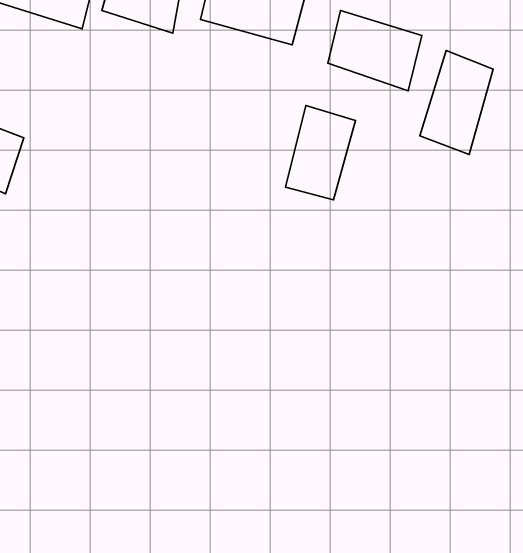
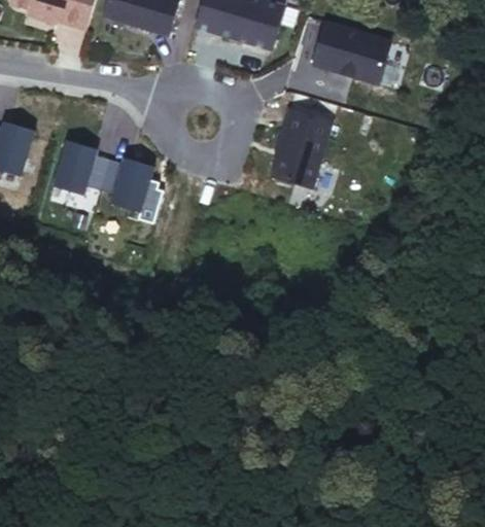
building: [420,51,493,155] -> none
building: none -> [54,138,98,199]
building: none -> [108,154,152,219]

